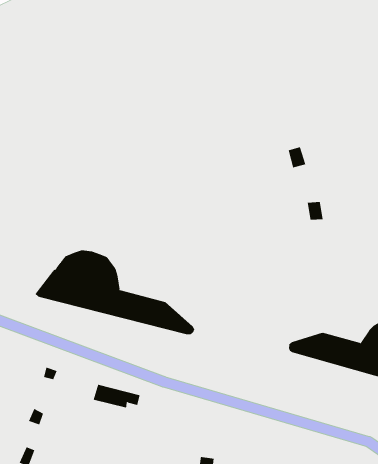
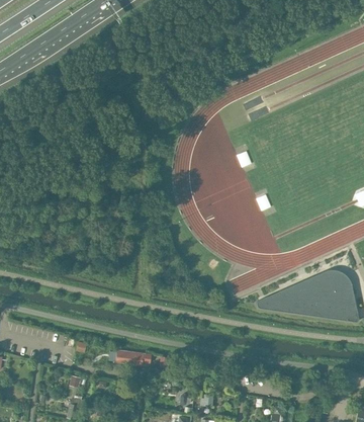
building: [35,250,195,335] -> none

